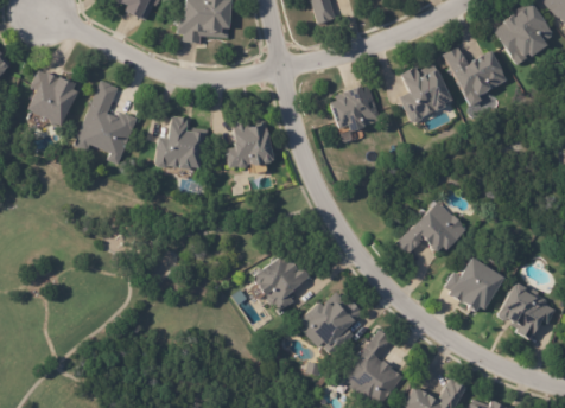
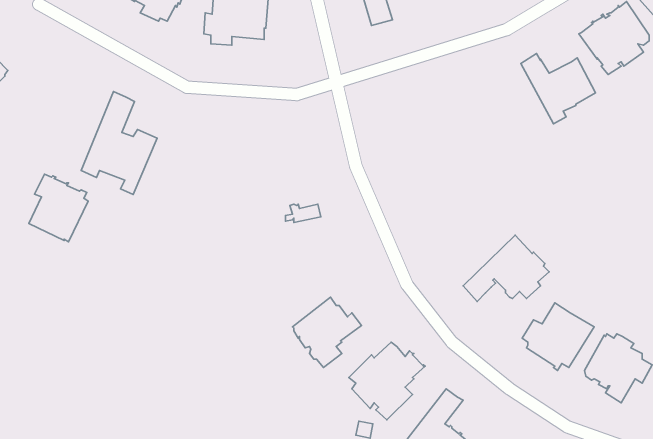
building: [400,64,452,125] -> none
building: [28,68,78,125] -> [29,174,88,242]
building: [328,82,381,132] -> none
building: [154,114,209,172] -> none
building: [227,117,273,168] -> none

